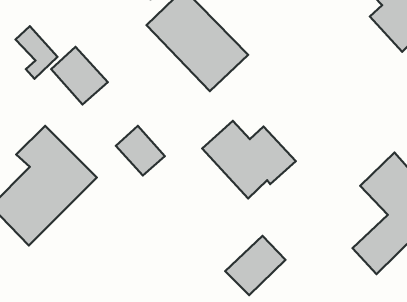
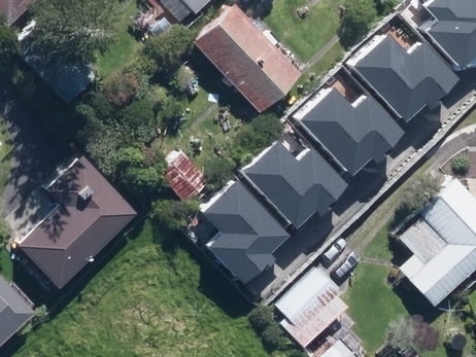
building: none -> [355,36,460,121]
building: [51,47,108,104] -> none
building: none -> [304,92,405,175]
building: none -> [206,182,290,285]

